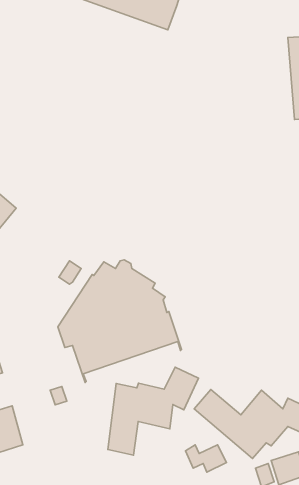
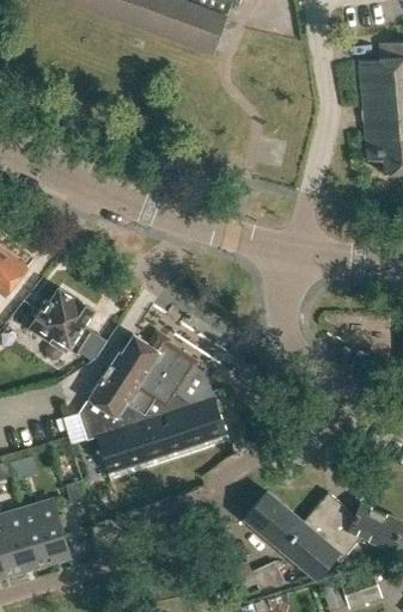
building: none -> [29,289,92,349]
building: [108,367,199,455] -> none
building: none -> [20,503,67,561]

